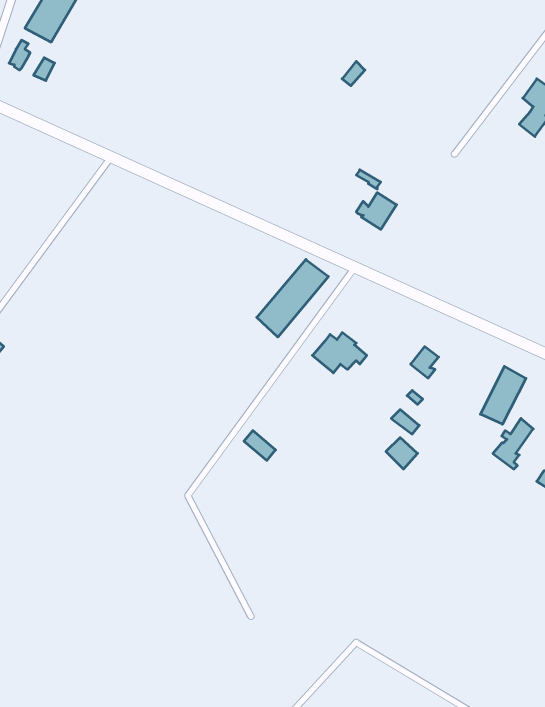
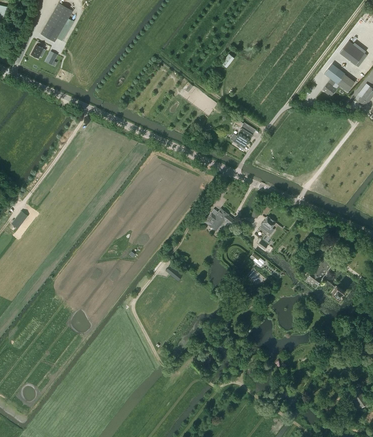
building: [257,259,328,337] -> none
building: [480,366,526,424] -> none

